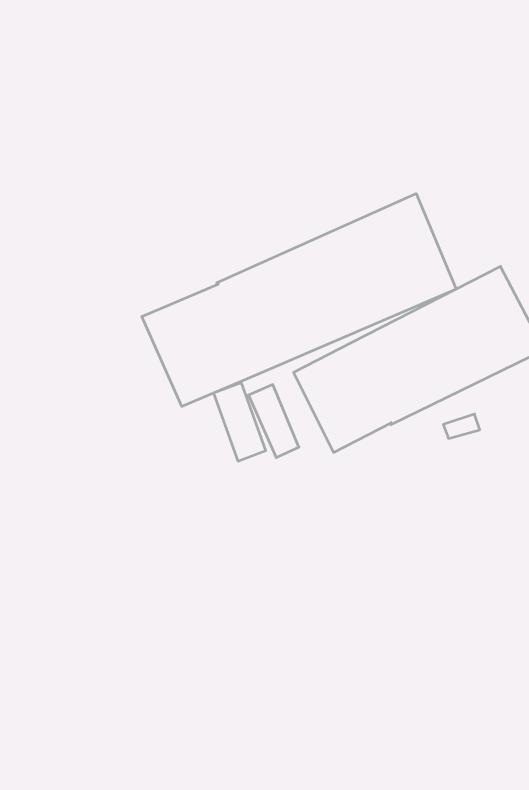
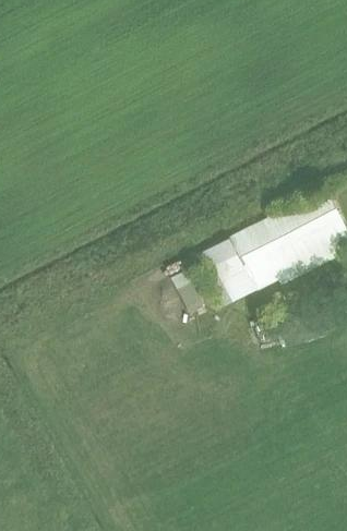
building: [142,194,456,406] -> none

